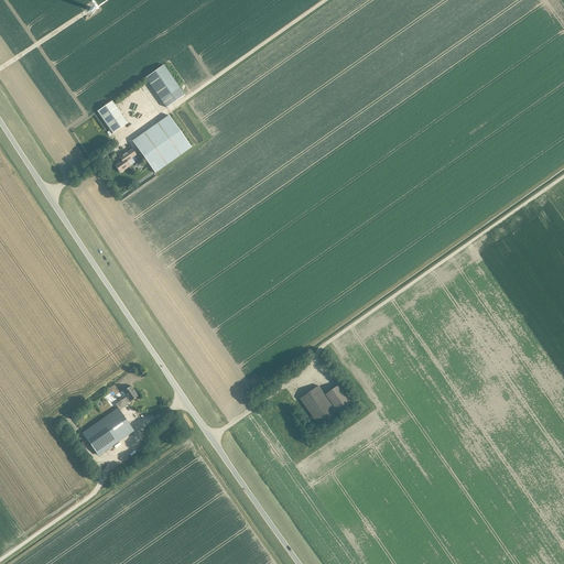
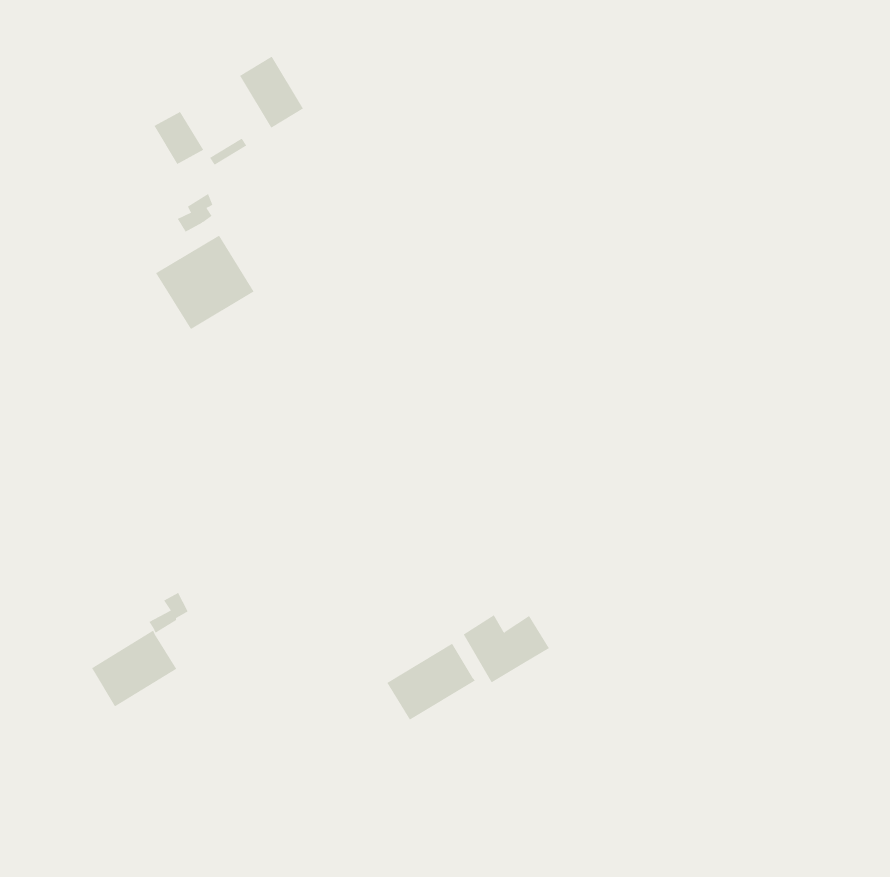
building: [131,115,191,172] -> [155,235,255,330]
building: none -> [386,643,476,720]

